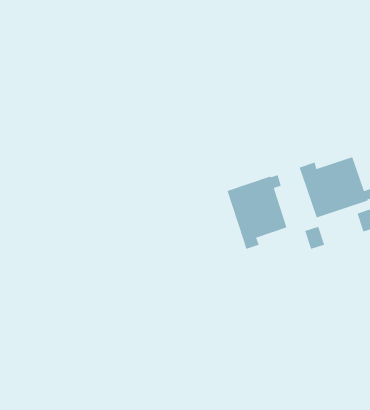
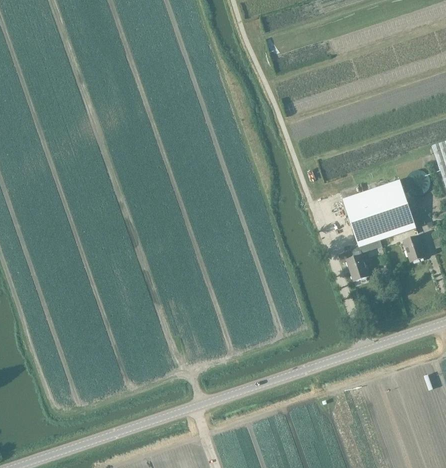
building: [226,174,288,250] -> none

